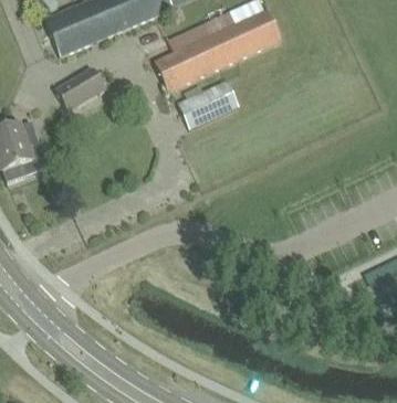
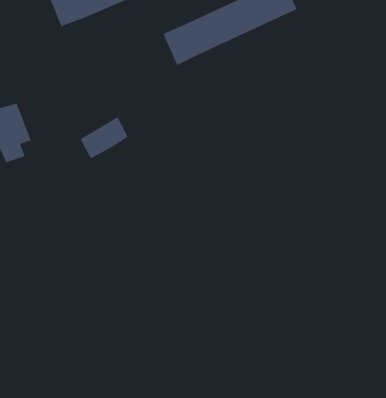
building: [59,68,104,108] -> [80,117,128,159]
building: [179,82,237,127] -> none

